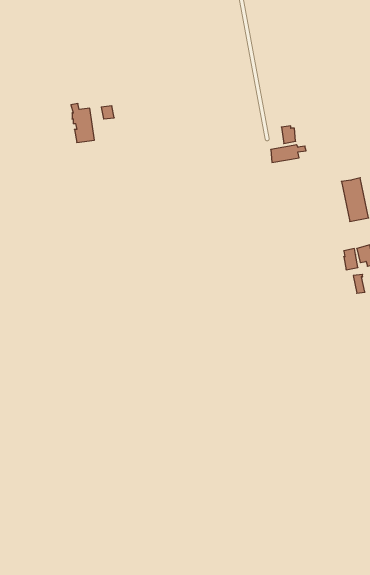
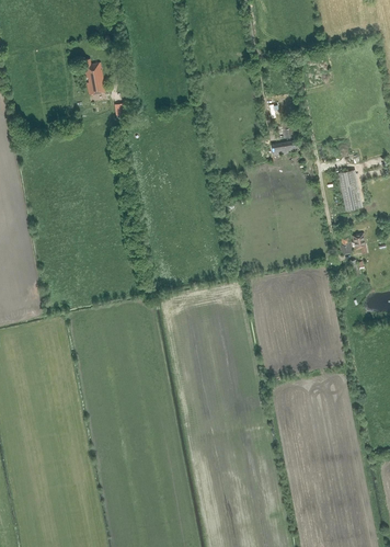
building: [71,104,94,142] -> [83,58,105,94]

